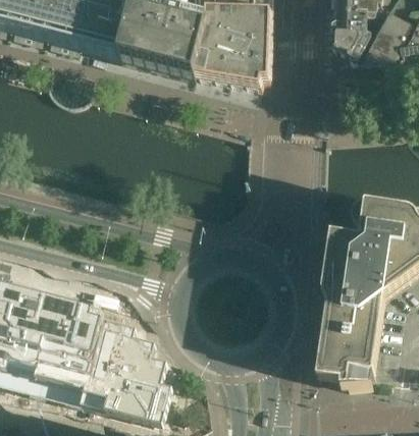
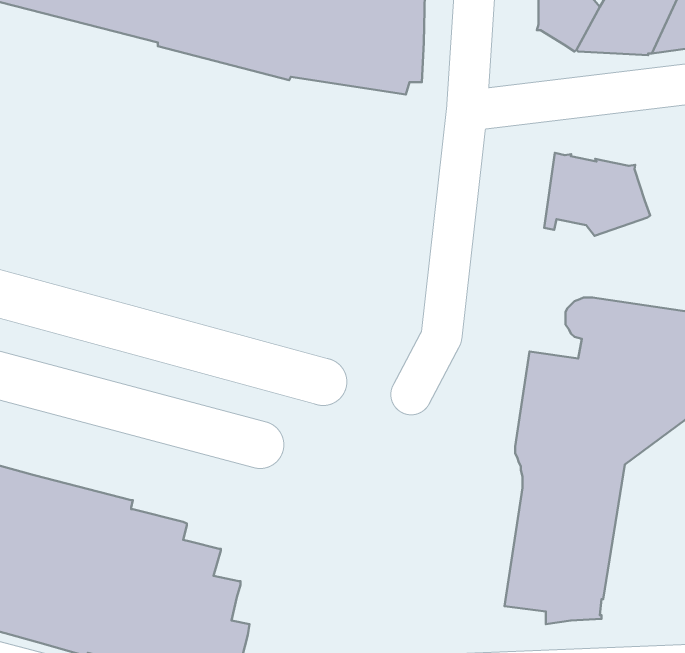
building: none -> [544,153,650,236]

